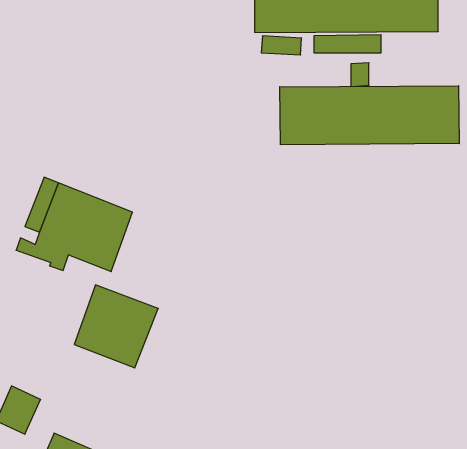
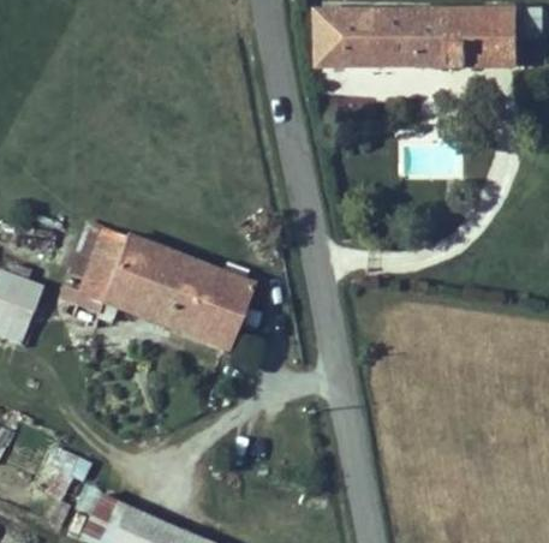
building: [280,86,459,145] -> none
building: [74,285,158,368] -> [163,258,253,347]

